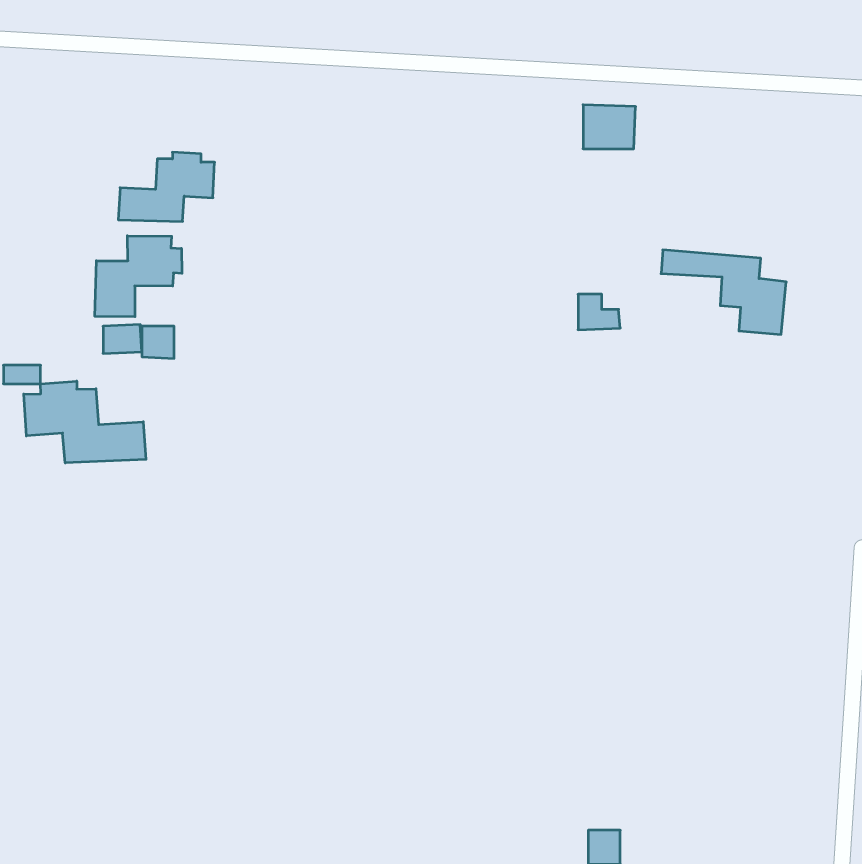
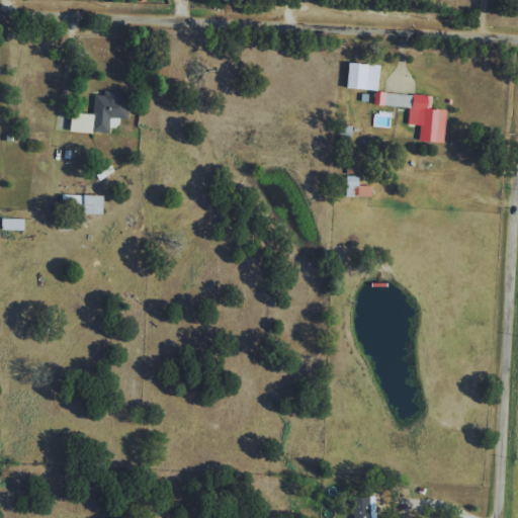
building: [95,236,182,317] -> none
building: [661,250,786,334] -> [372,91,447,142]
building: [24,381,146,463] -> none

